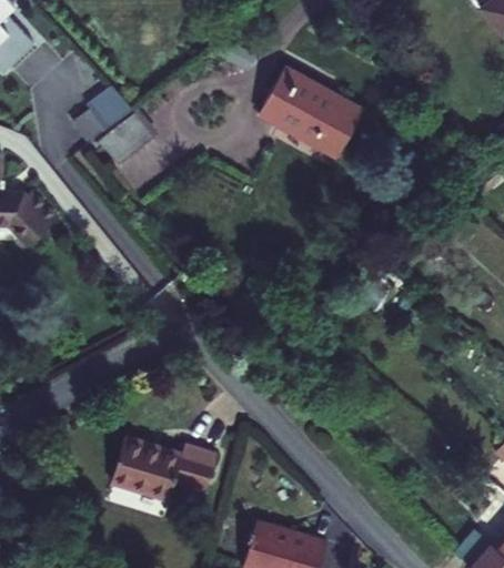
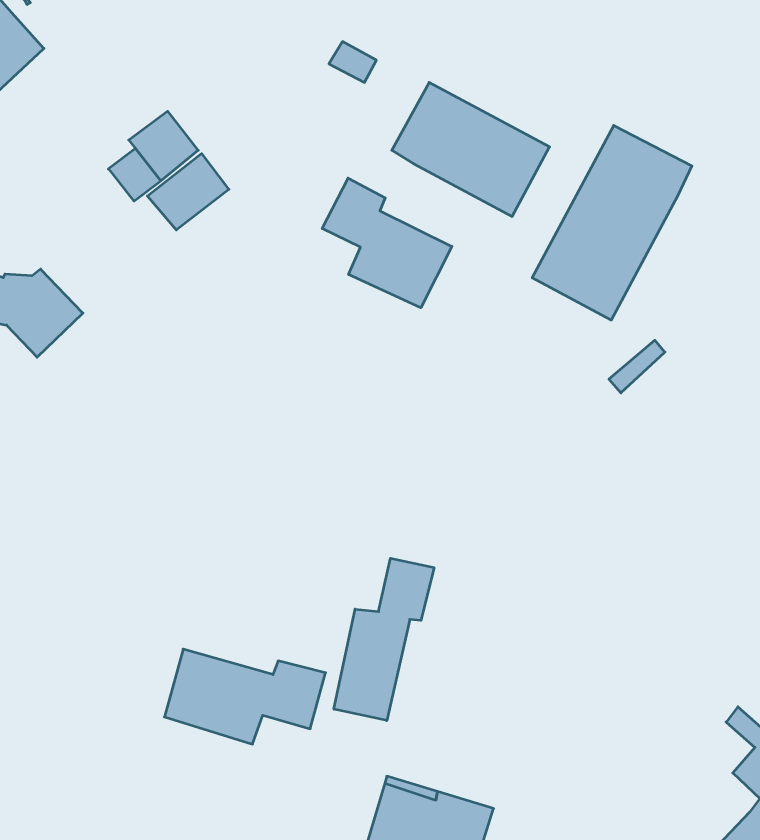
building: none -> [532,125,692,320]
building: none -> [322,178,452,308]
building: none -> [334,558,434,721]

